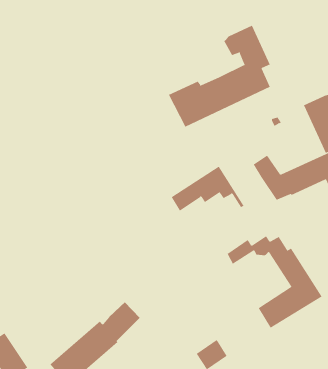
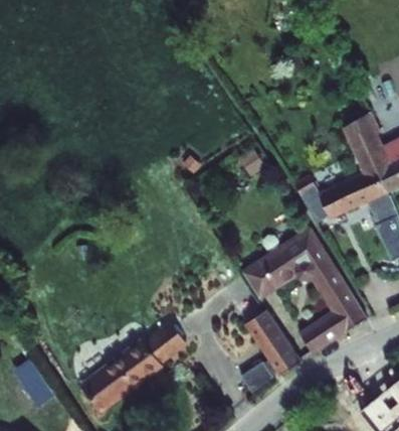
building: [168,25,270,128] -> none
building: [171,166,244,212] -> [257,230,334,277]
building: none -> [242,311,293,378]

